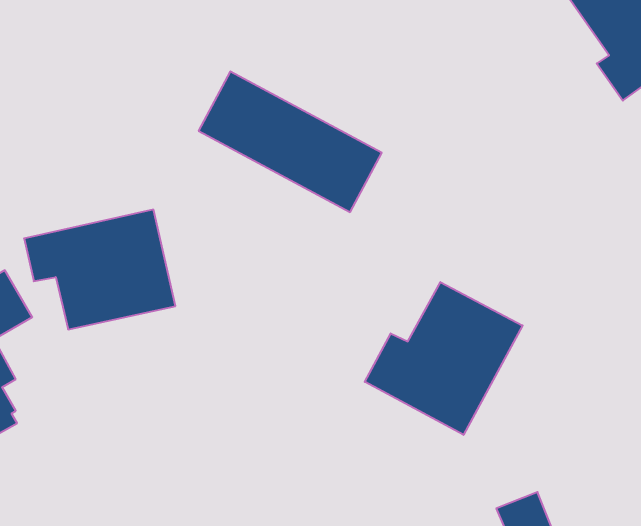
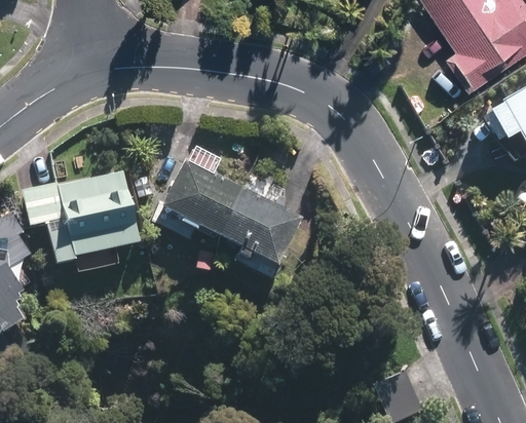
building: [199,71,382,212] -> [163,158,300,263]
building: [365,282,523,435] -> none

